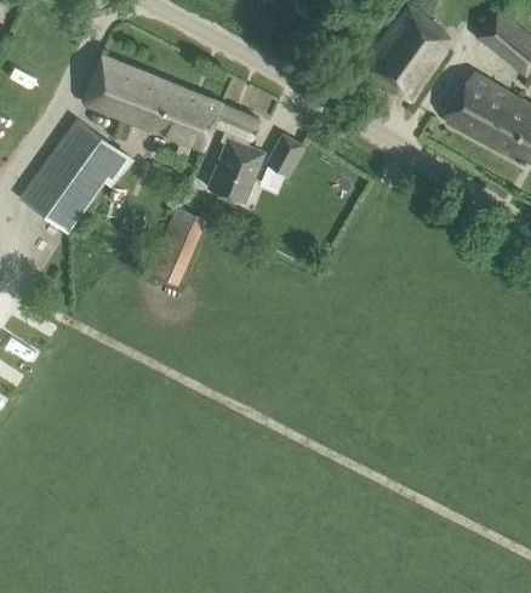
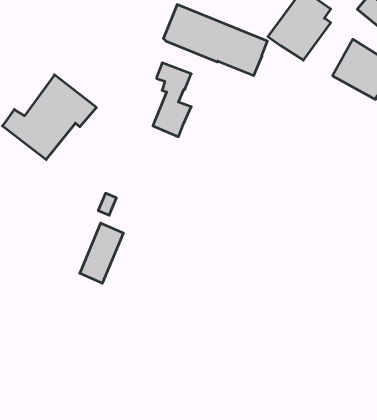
building: [82,56,221,150] -> [163,5,267,76]
building: [266,135,304,177] -> none
building: [148,206,206,286] -> [80,223,123,283]

